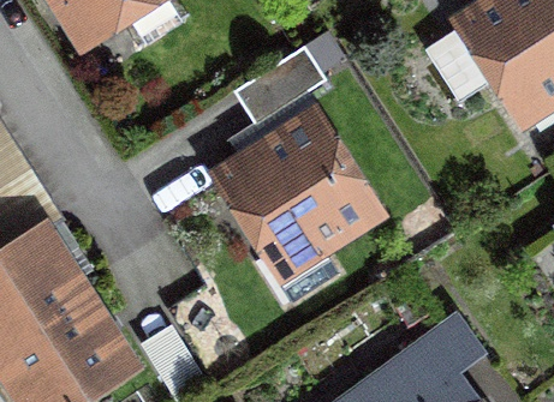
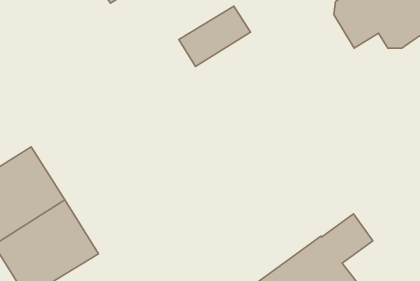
building: [226,119,370,299] -> none

